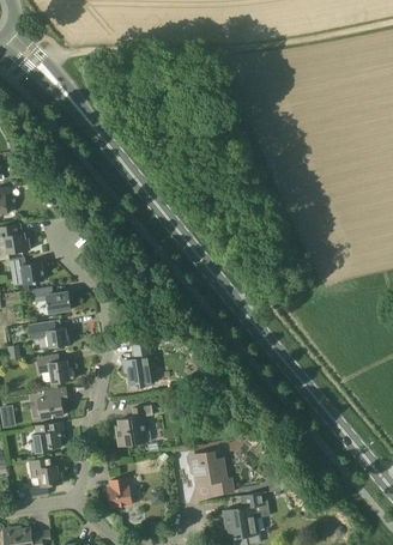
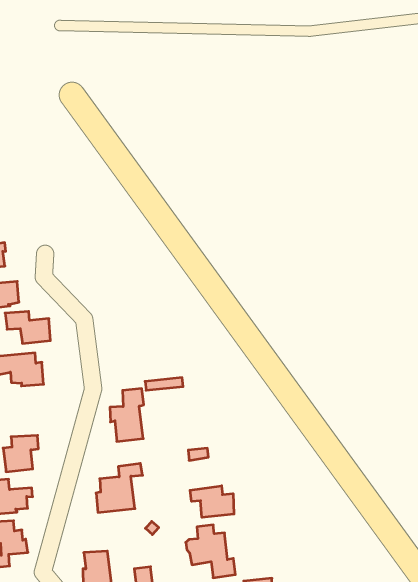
building: [38,353,73,382] -> none
building: none -> [190,486,234,517]

